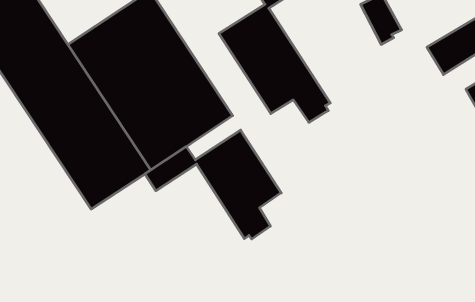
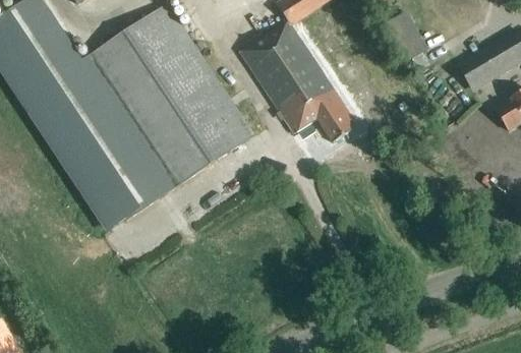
building: [145,130,281,239] -> none

